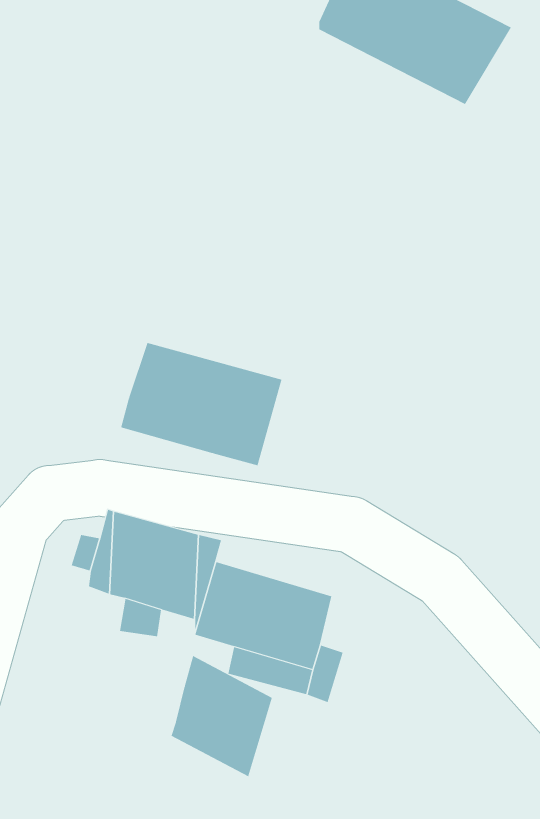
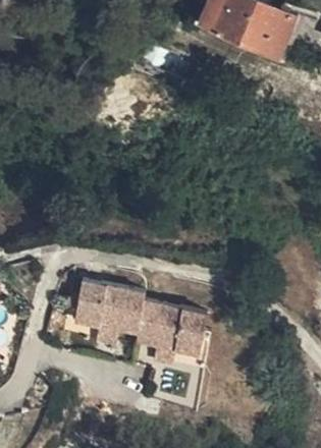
building: [121,342,282,466] -> none
building: [171,655,272,777] -> none

